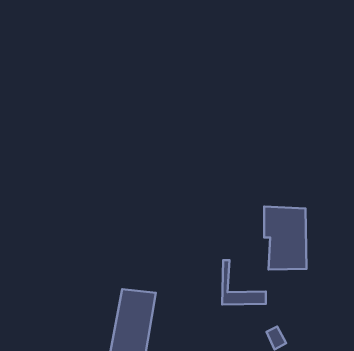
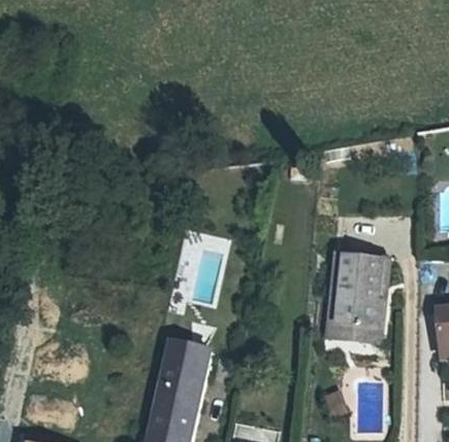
building: [222,260,266,305] -> [329,292,380,343]

